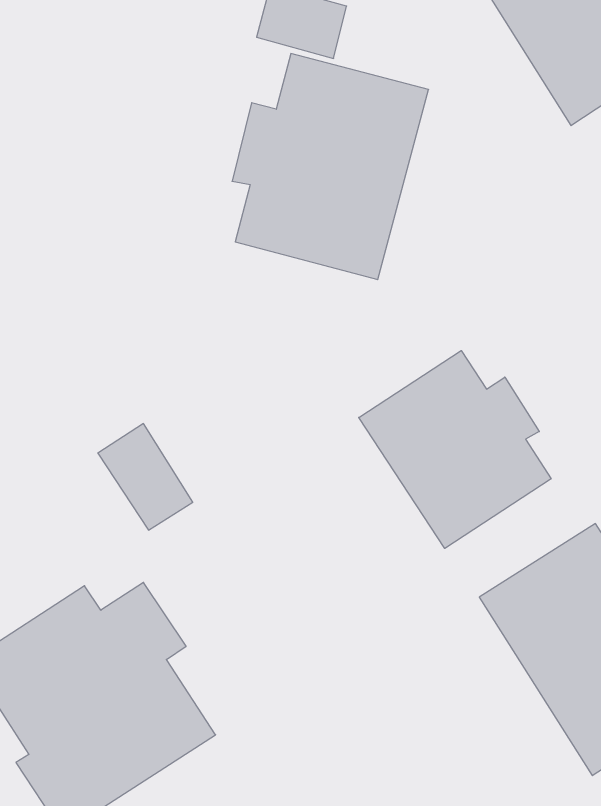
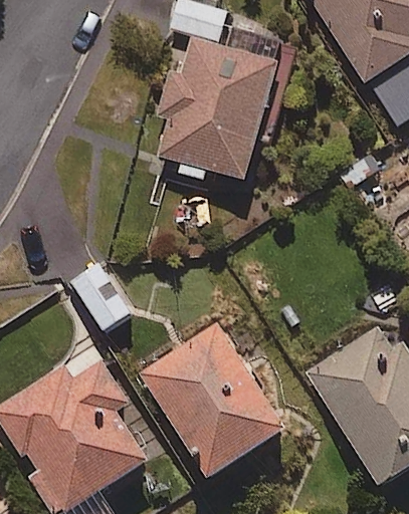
building: [359,351,551,548] -> none
building: none -> [139,323,283,476]

